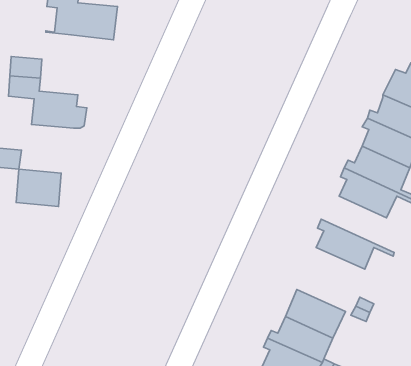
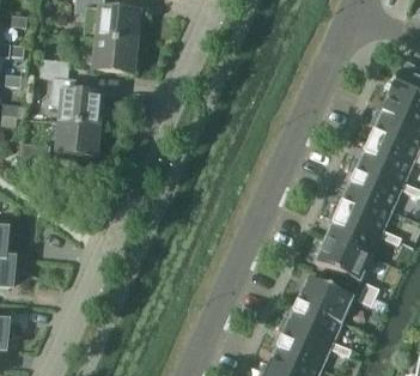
building: none -> [93,37,136,73]
building: [16,169,61,206] -> [57,121,99,156]
building: none -> [330,188,401,241]
building: none -> [315,236,371,280]

